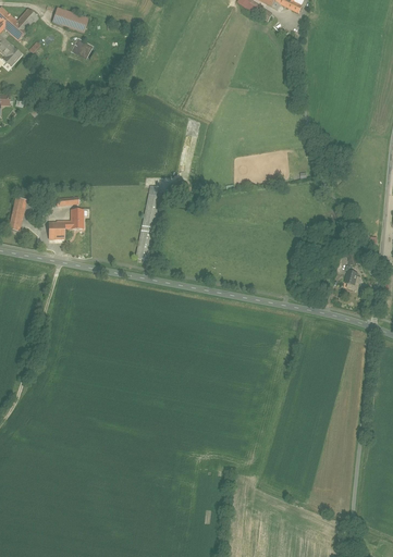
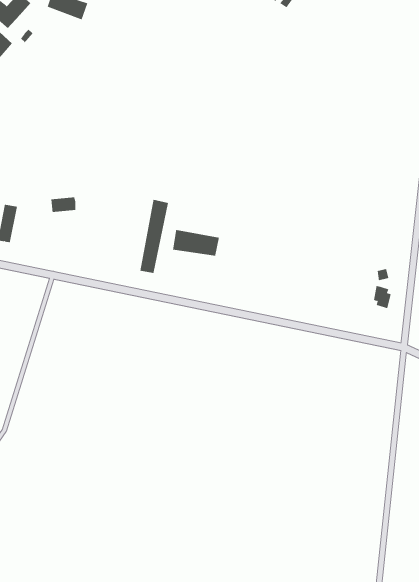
building: [48,208,84,238] -> none
building: none -> [172,229,219,256]

